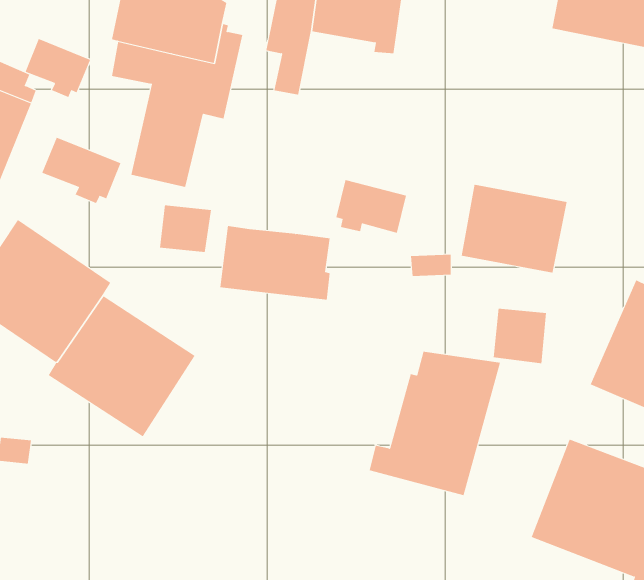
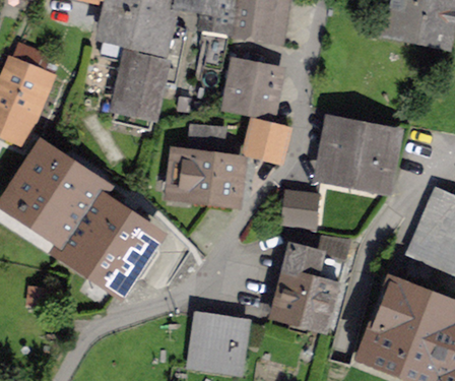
building: [25,38,91,98] -> none
building: none -> [229,66,276,112]
building: [42,137,121,204] -> none
building: [159,205,212,253] -> [189,128,222,158]
building: [493,308,547,364] -> [282,192,317,228]
building: none -> [189,318,246,374]

